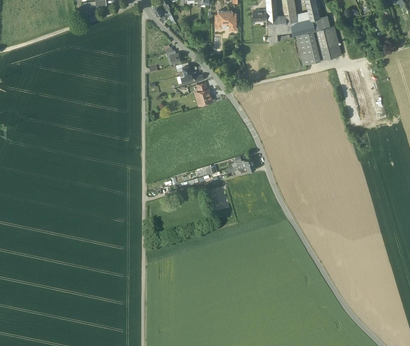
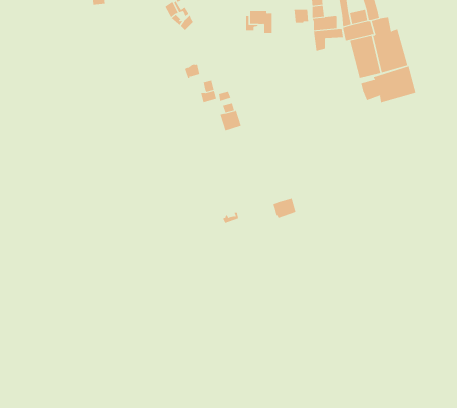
building: none -> [361,65,416,103]

